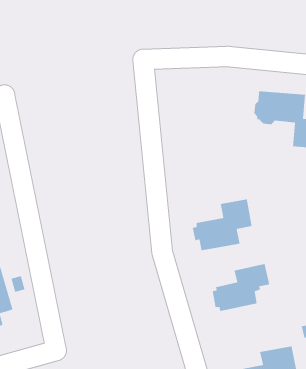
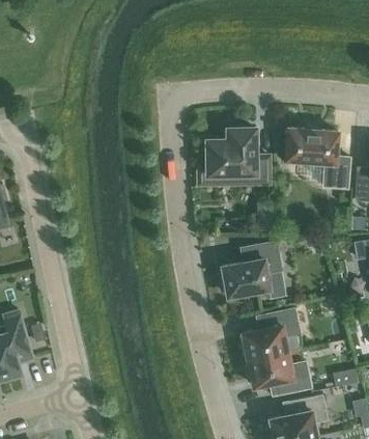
building: none -> [198,128,268,185]
building: none -> [244,351,311,394]

